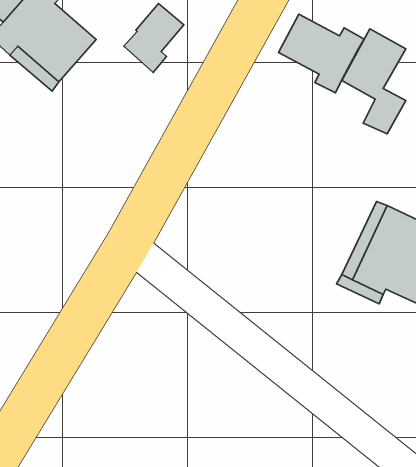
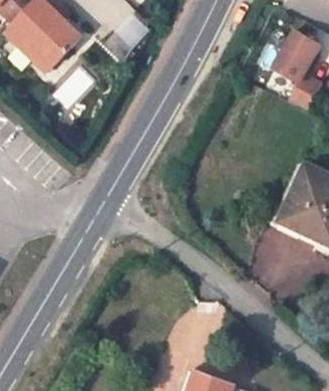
building: [279,14,364,93] -> none

